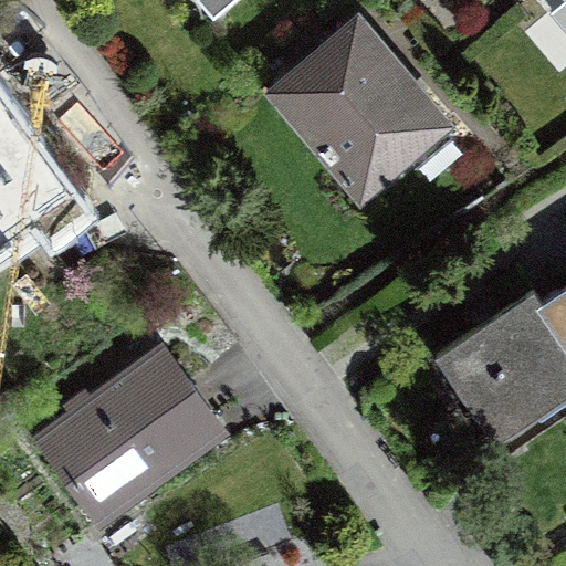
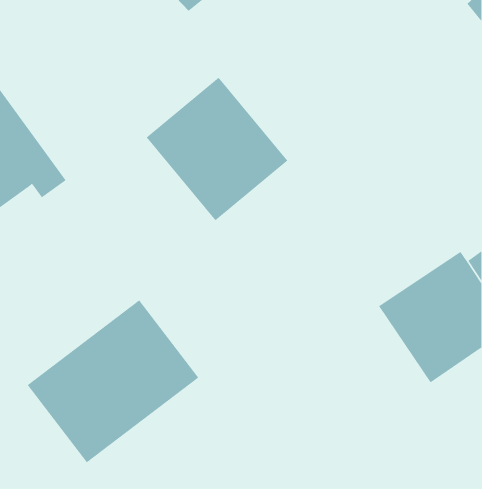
building: [283,24,453,198] -> none
building: none -> [146,77,288,221]

